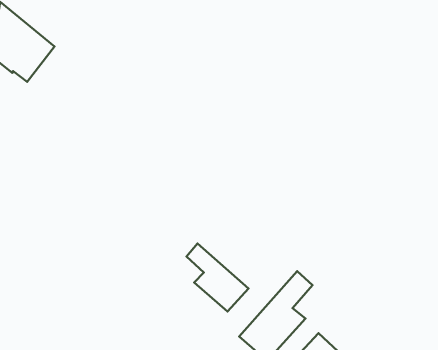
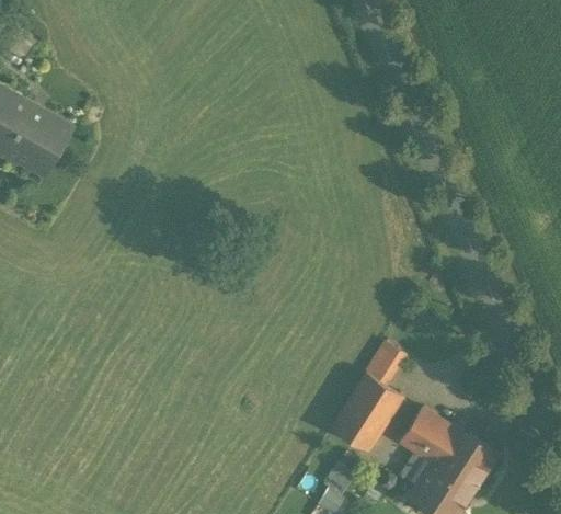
building: [186,244,248,312] -> none

